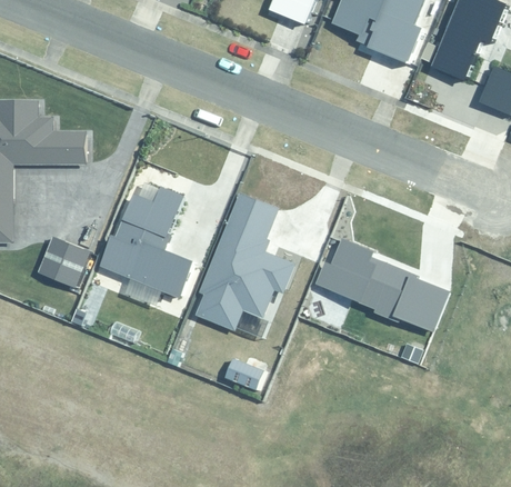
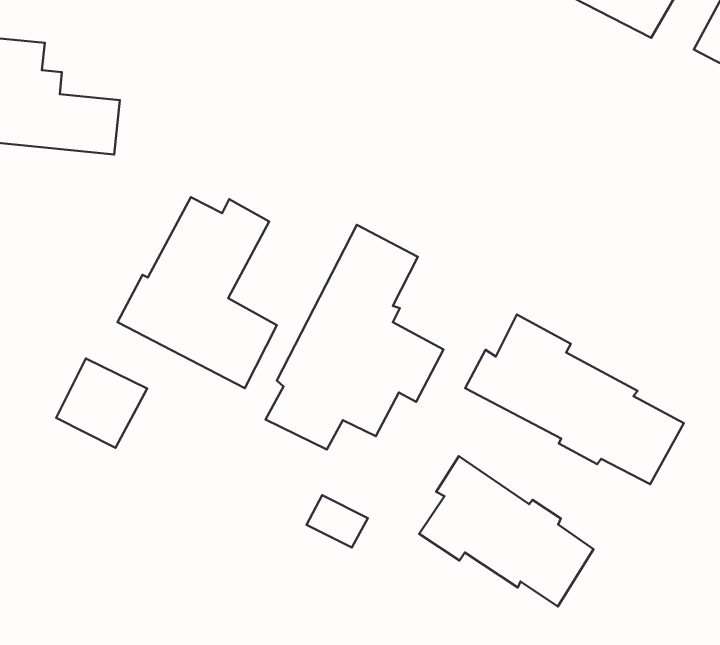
building: [37,236,90,288] -> [56,359,147,448]
building: none -> [419,456,594,607]

